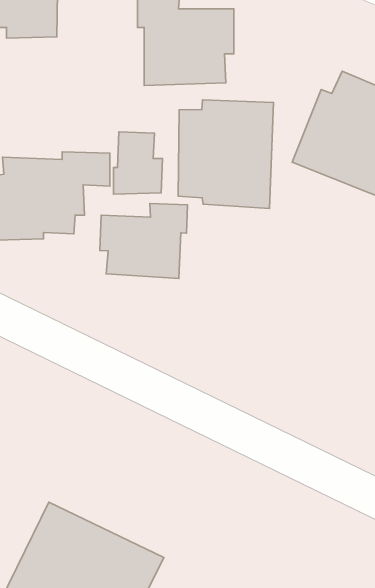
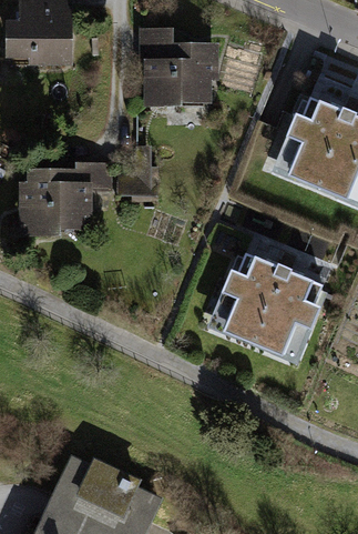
building: [178,100,273,208] -> none
building: [100,204,188,279] -> none
building: none -> [207,252,325,363]

